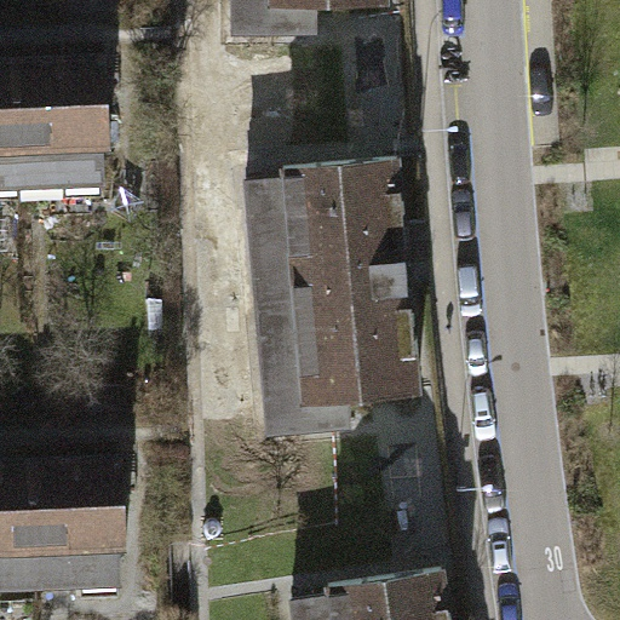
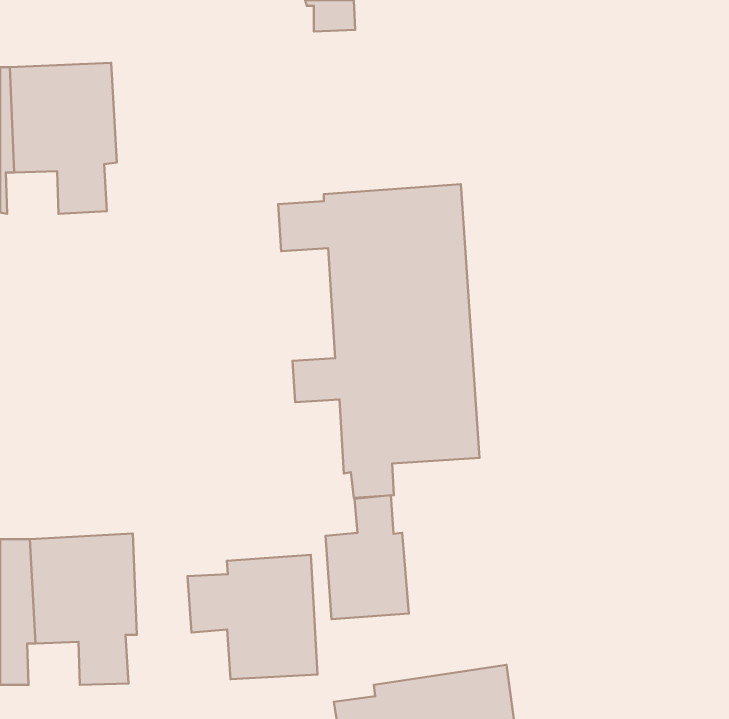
building: none -> [325,495,409,619]
building: none -> [188,555,317,679]

